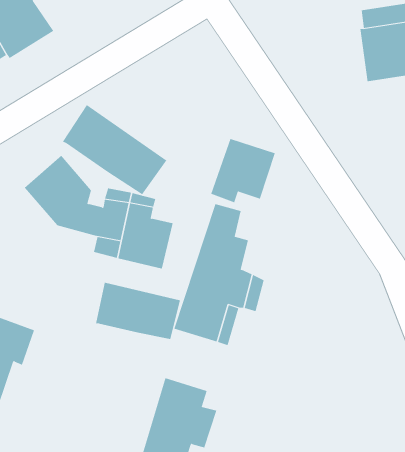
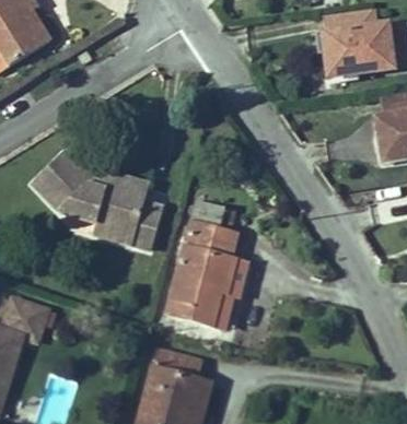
building: [62,104,167,195] -> none
building: [210,138,276,203] -> none
building: [96,282,180,340] -> none

